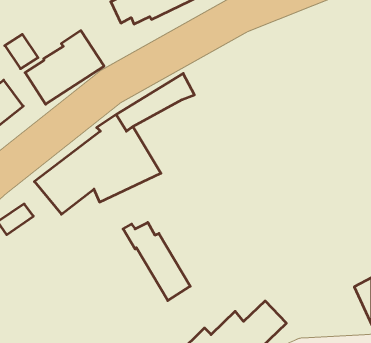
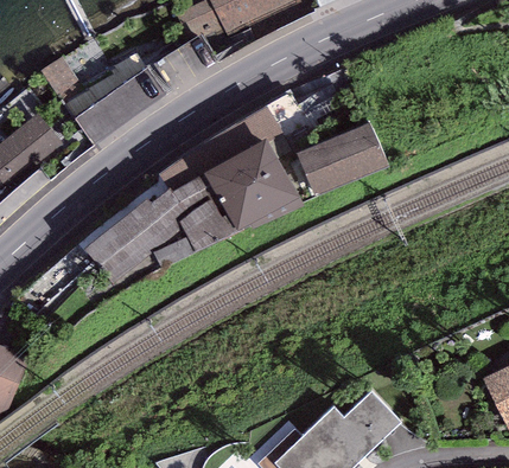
building: none -> [295,120,388,195]
building: none -> [203,137,303,231]
building: [123,222,190,301] -> none

